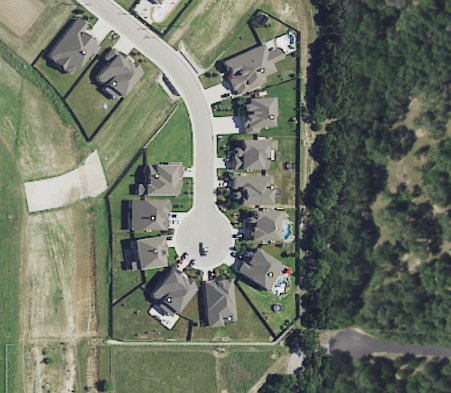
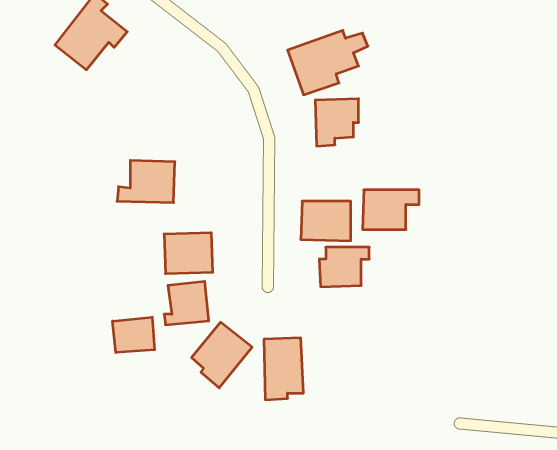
building: [95,47,142,100] -> none
building: [234,139,277,169] -> [363,190,419,229]
building: [136,163,180,195] -> [117,160,175,203]
building: [236,247,283,290] -> none
building: none -> [113,317,155,353]

